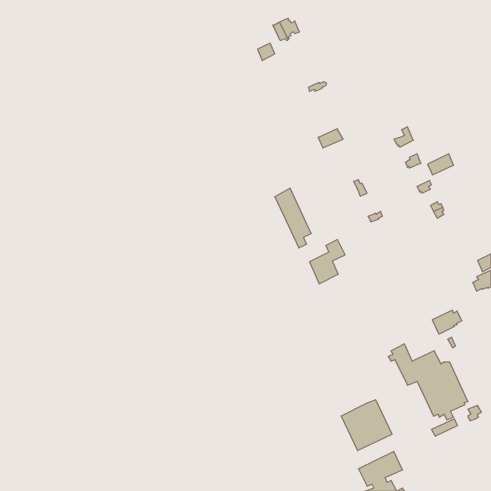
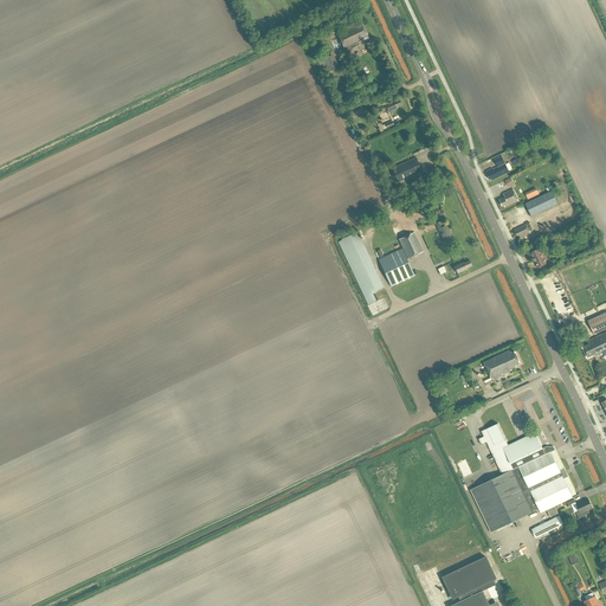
building: [310,240,345,284] -> [379,233,423,288]
building: [432,310,462,334] -> [484,350,521,380]
building: [341,400,392,451] -> [471,470,534,533]

